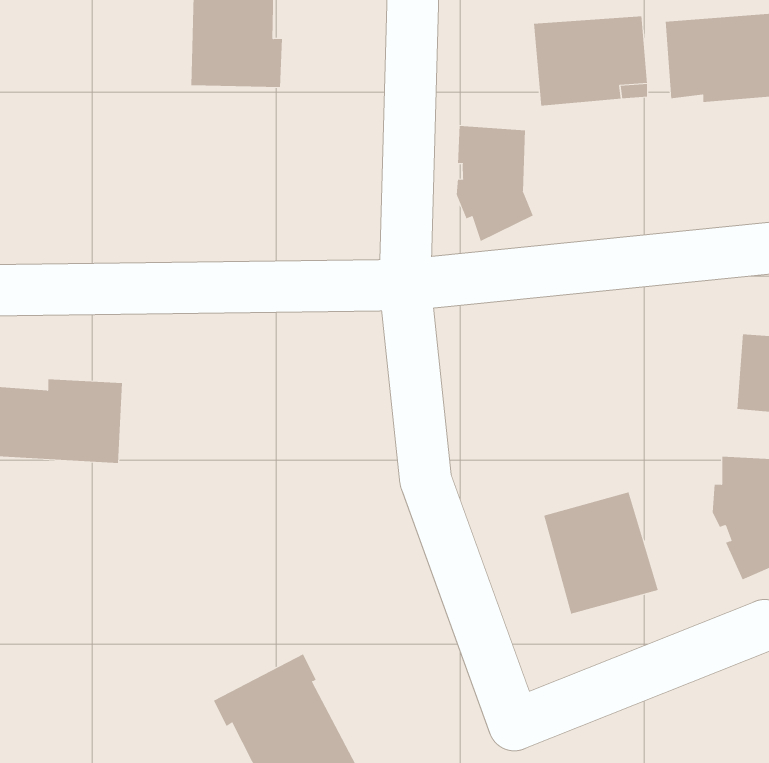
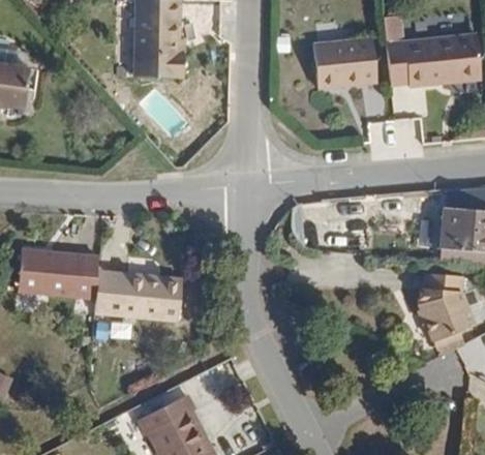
building: [456,125,533,242] -> none
building: none -> [91,263,171,309]
building: [543,492,658,615] -> none

